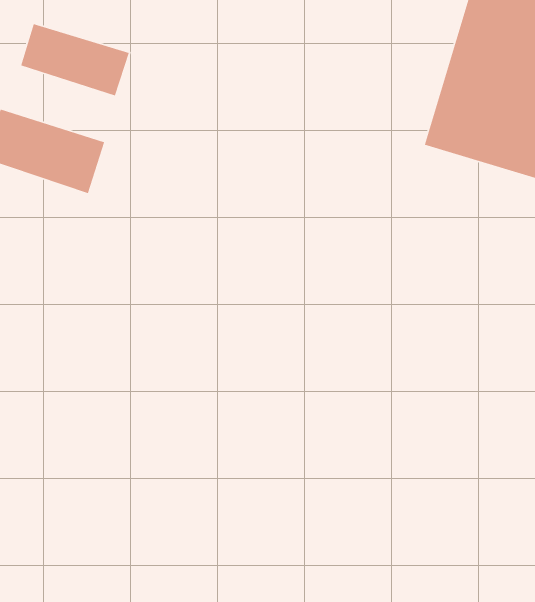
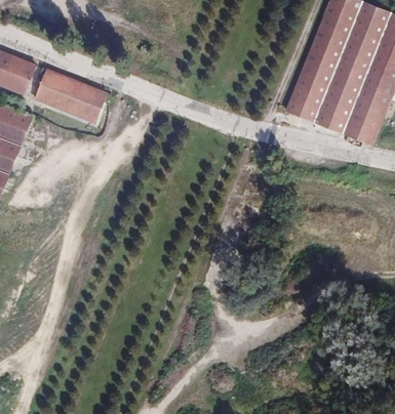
building: [20,23,130,96] -> none

